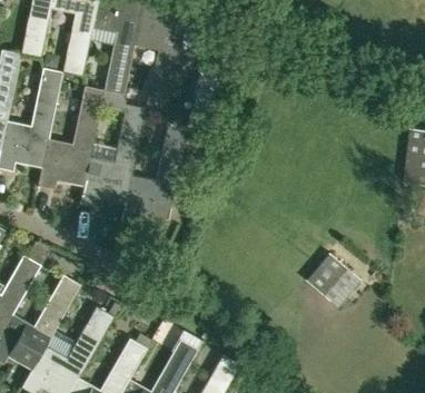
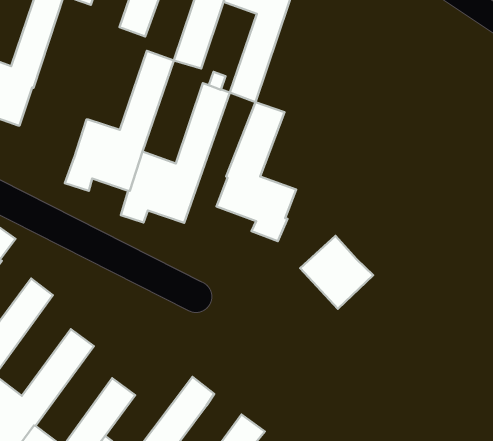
building: [38,87,105,190] -> none
building: none -> [216,102,296,241]
building: [307,255,359,306] -> [300,236,373,309]

